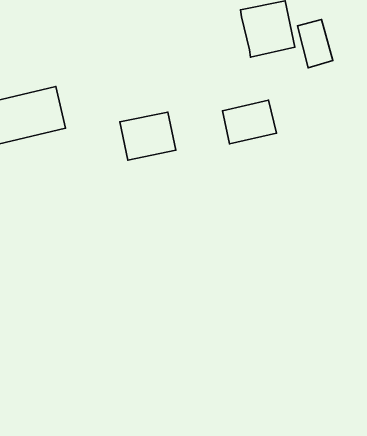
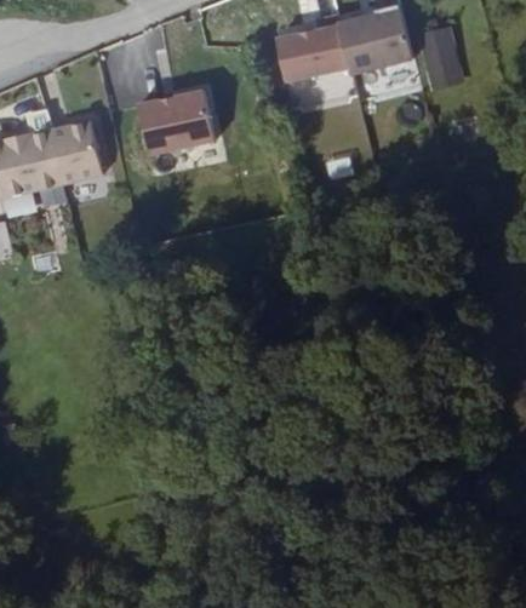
building: [222,100,277,144] -> [279,24,353,84]
building: [120,112,176,160] -> [137,88,213,154]

